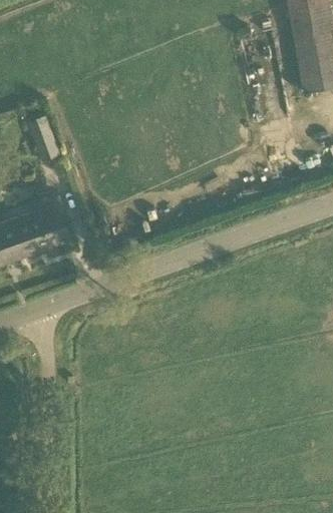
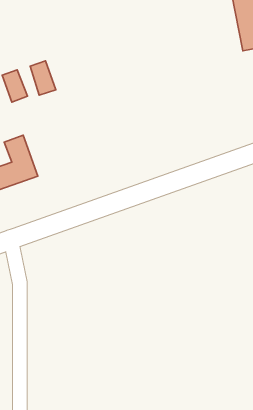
building: none -> [30,61,56,95]

